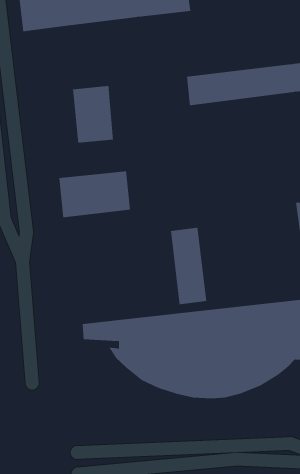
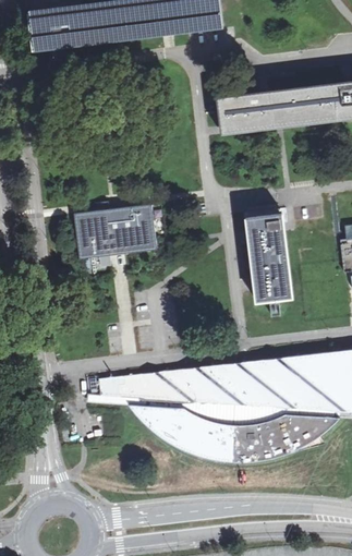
building: [72,85,114,144] -> none
building: [170,227,207,305] -> [247,214,289,301]

